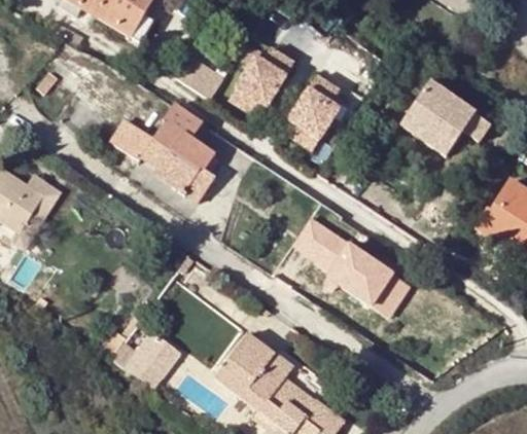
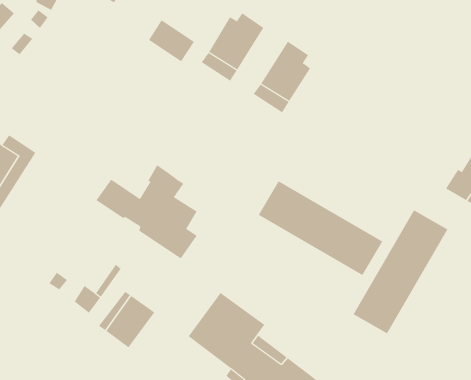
building: [402,83,491,157] -> none
building: [111,103,214,198] -> [96,165,197,259]
building: none -> [353,209,448,334]

